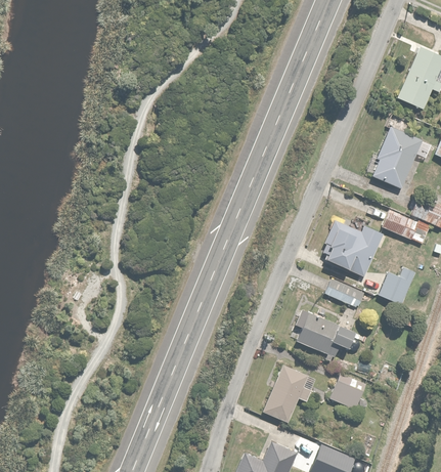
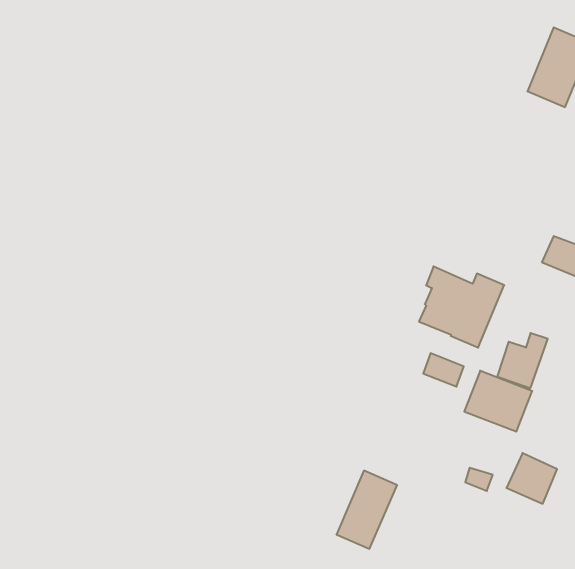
building: [374,130,421,186] -> none
building: [383,212,417,240] -> none
building: [296,313,344,356] -> [464,371,532,432]
building: [329,375,365,411] -> [506,453,557,504]

